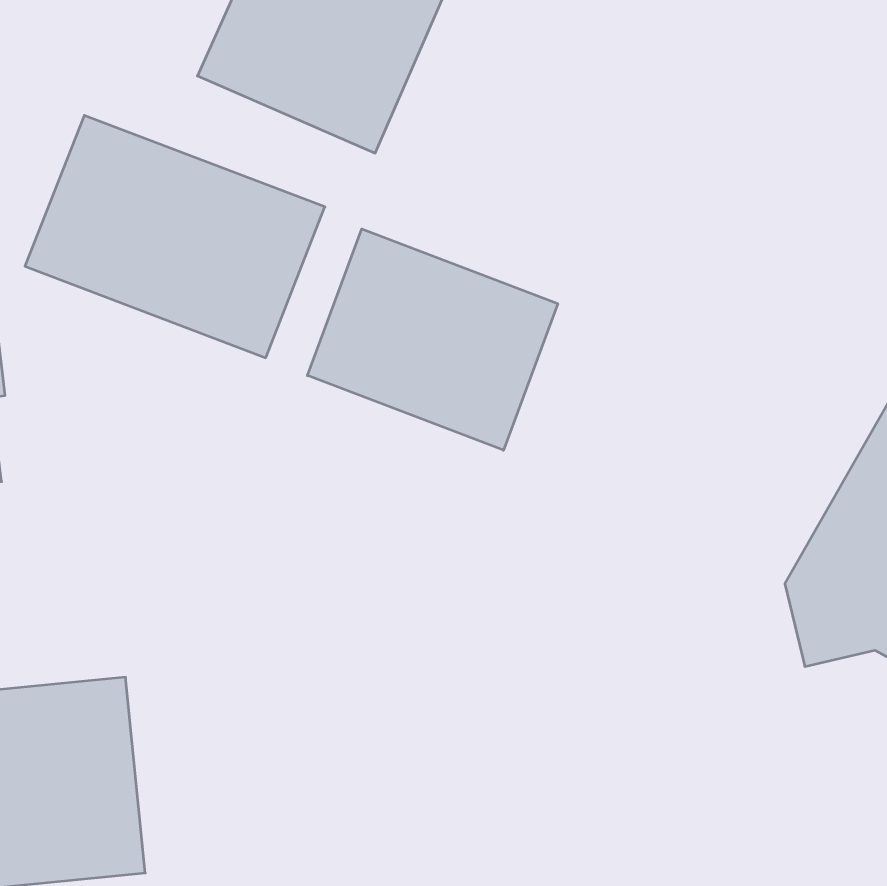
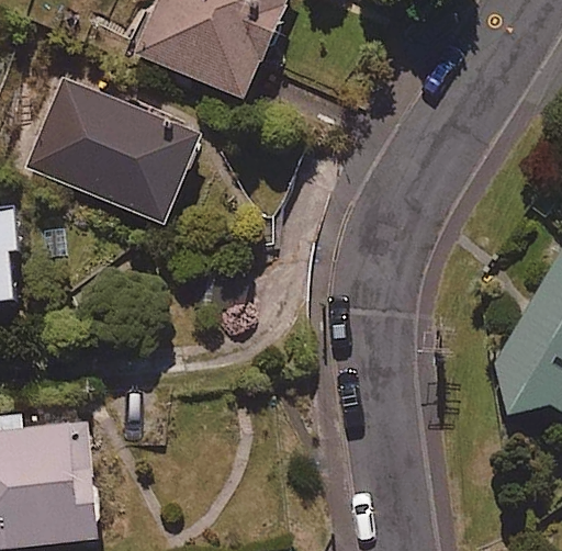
building: [307,229,558,450] -> none

